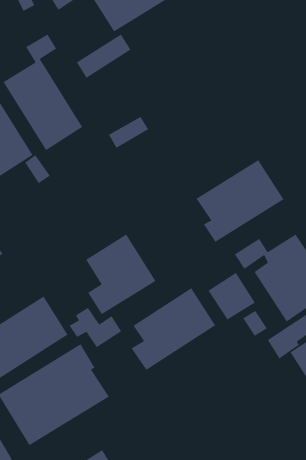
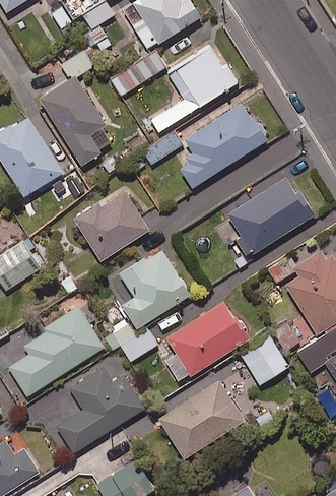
building: none -> [148,47,237,132]
building: none -> [174,102,265,187]
building: none -> [73,188,148,260]
building: [207,272,256,320] -> [239,336,286,384]
building: none -> [156,380,244,460]

